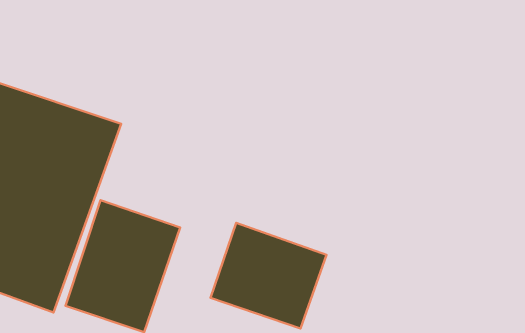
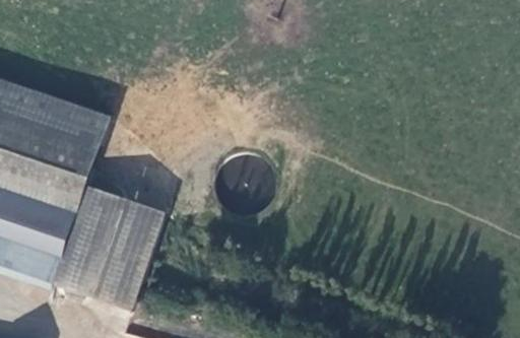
building: [211,223,326,329] -> none

